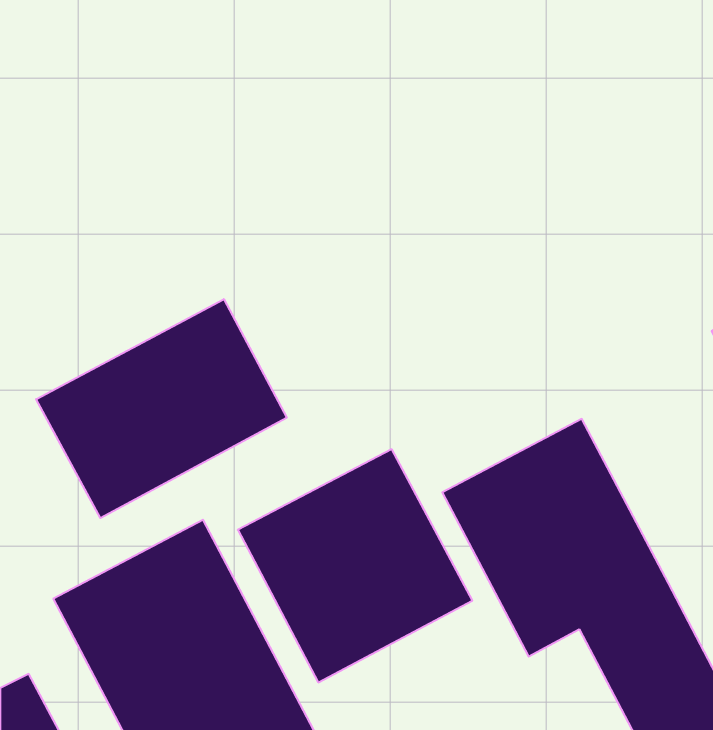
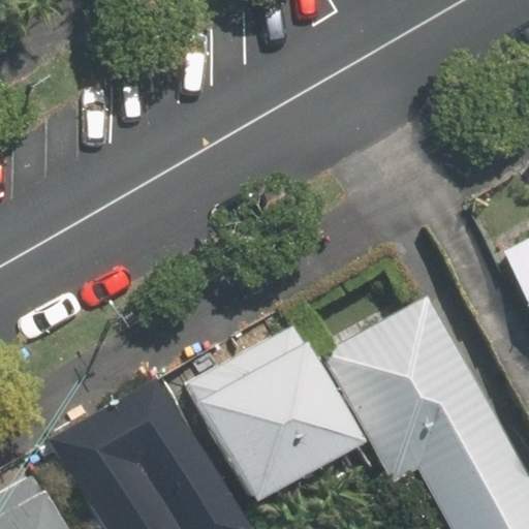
building: [36,299,287,518] -> none

